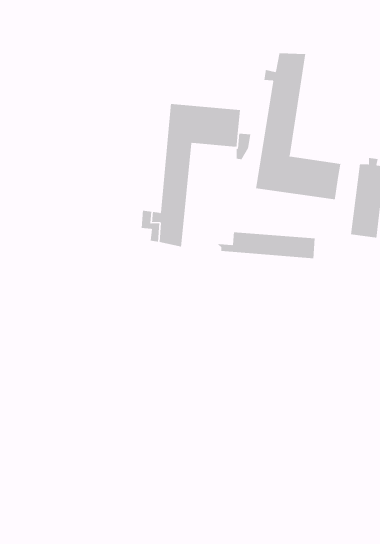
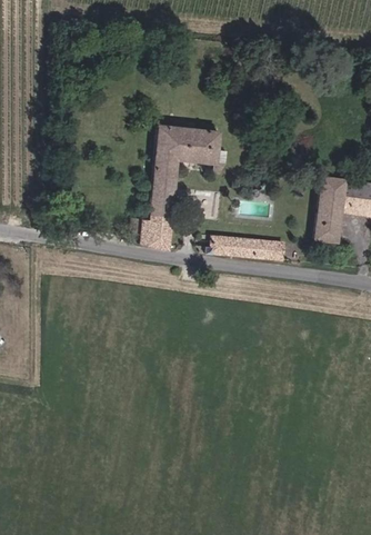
building: [255,53,341,200] -> none

